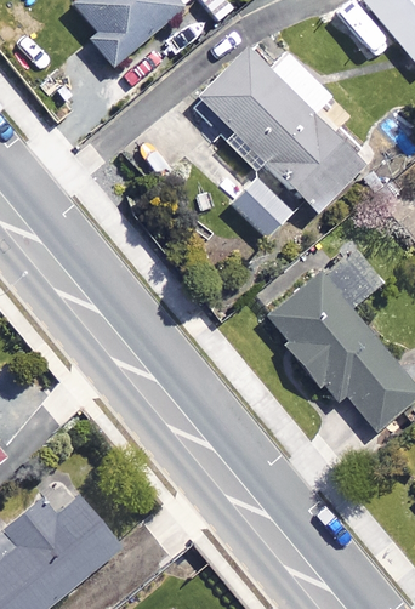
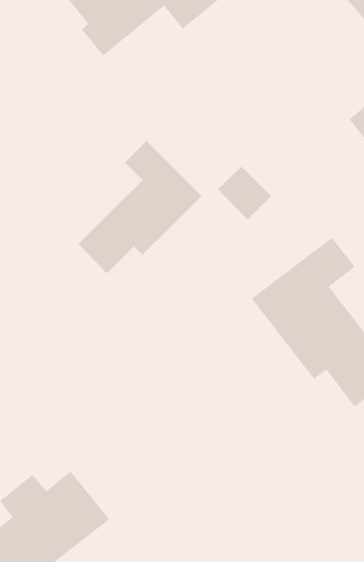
building: [197,52,360,212] -> none
building: none -> [77,140,203,274]

